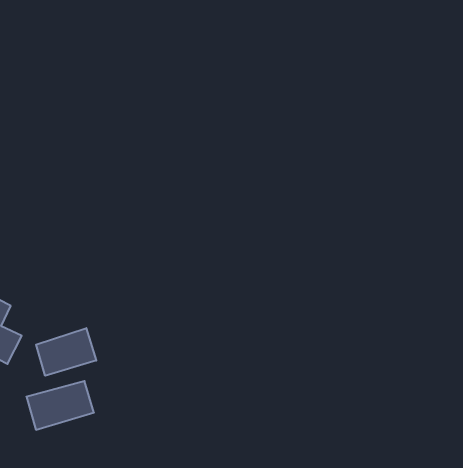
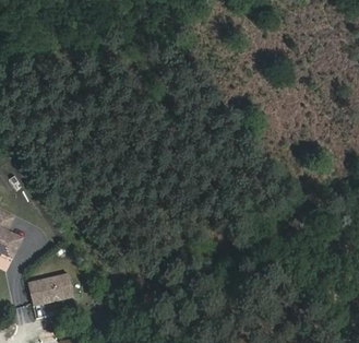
building: [36,328,96,376] -> none

